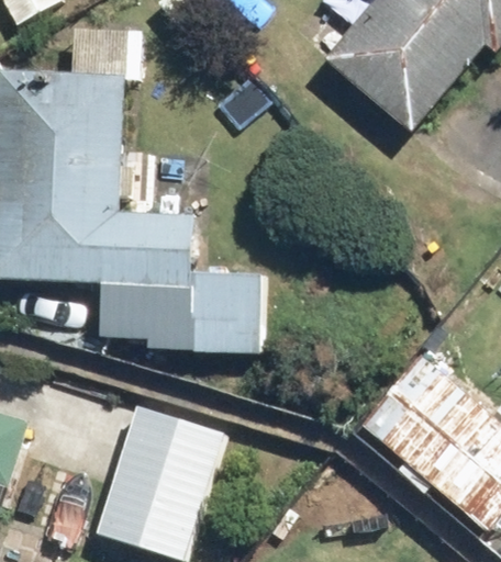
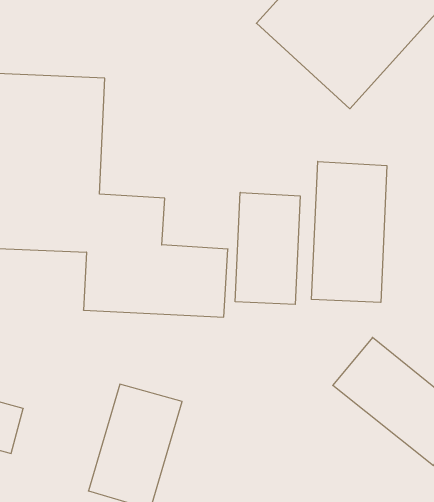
building: none -> [311,161,387,302]
building: none -> [235,192,300,304]

